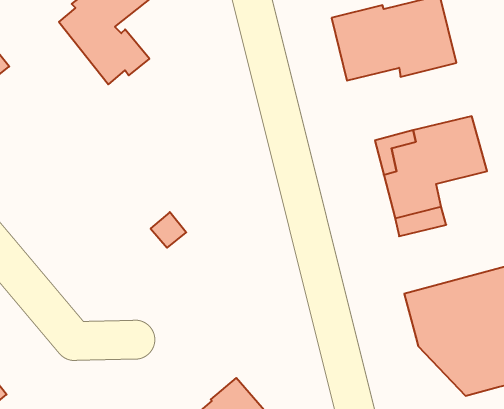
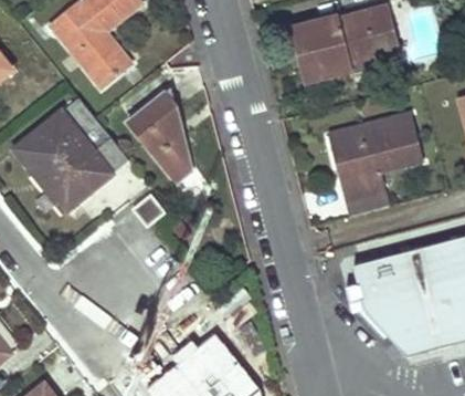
building: none -> [130,94,191,181]
building: none -> [13,111,112,207]

